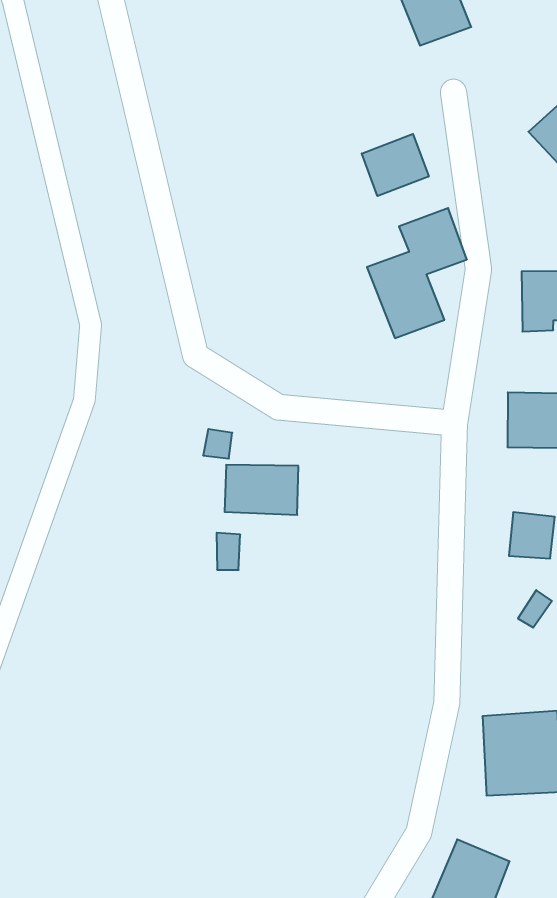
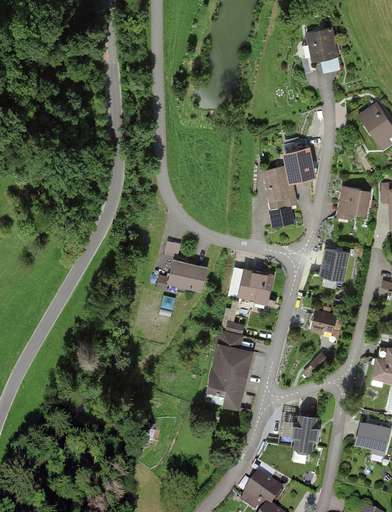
building: [362,134,429,196] -> none
building: none -> [228,268,272,304]
building: none -> [204,329,254,411]

